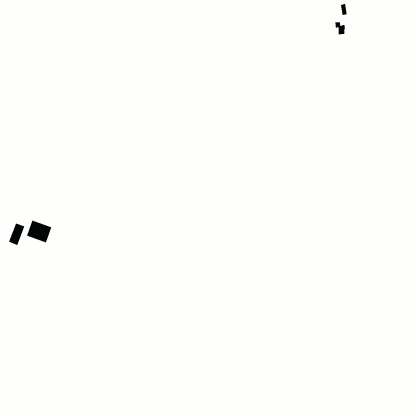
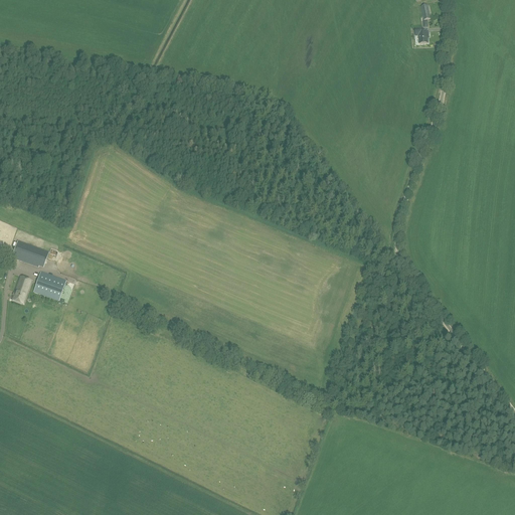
building: none -> [11,241,46,266]

